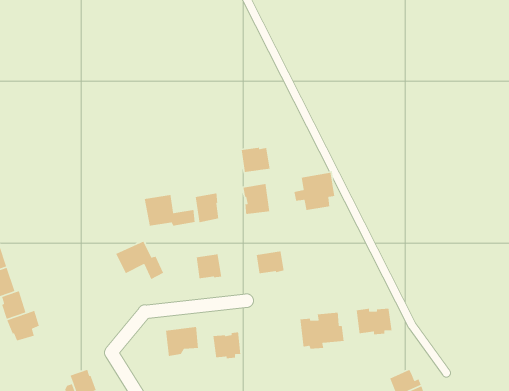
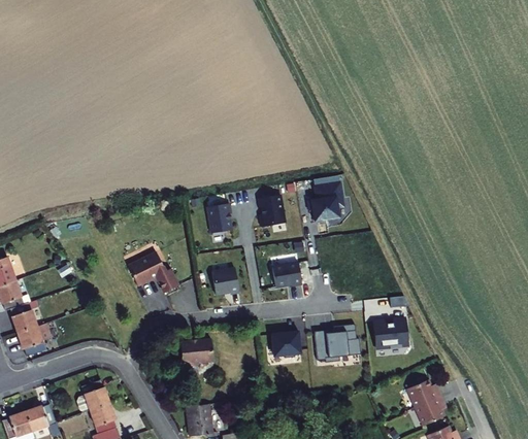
building: [241,147,271,173] -> none
building: [144,194,196,226] -> none
building: [212,332,241,359] -> [271,329,300,357]

